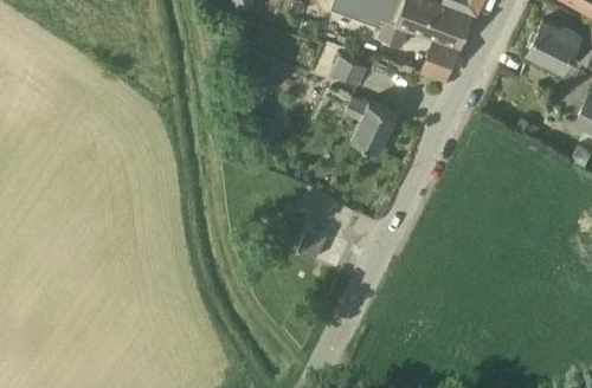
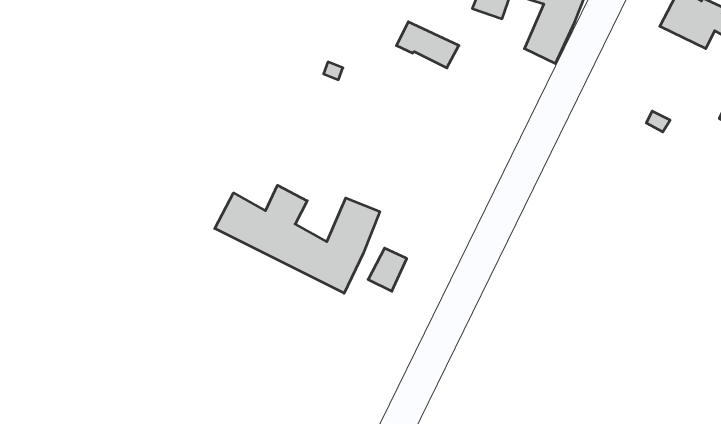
building: [345,101,397,151] -> none
building: none -> [215,185,380,293]

